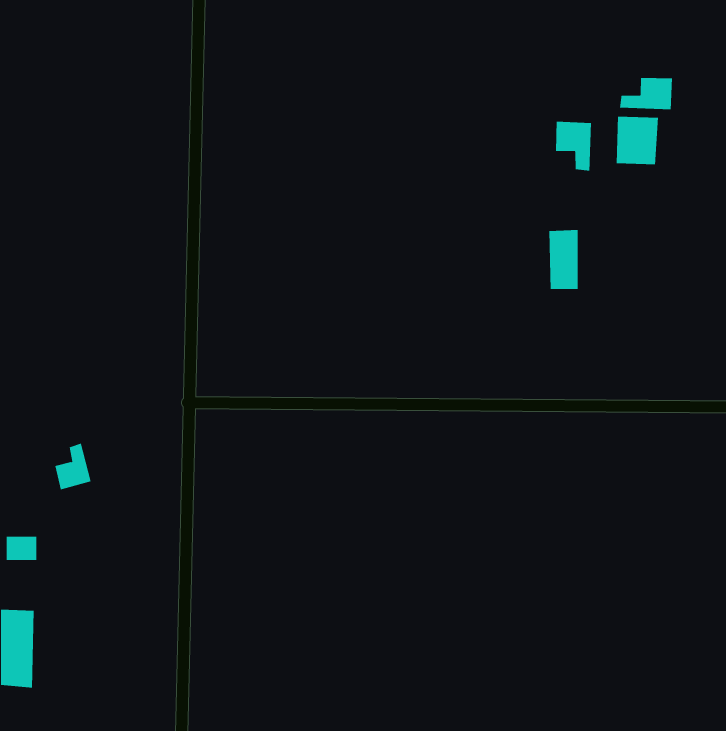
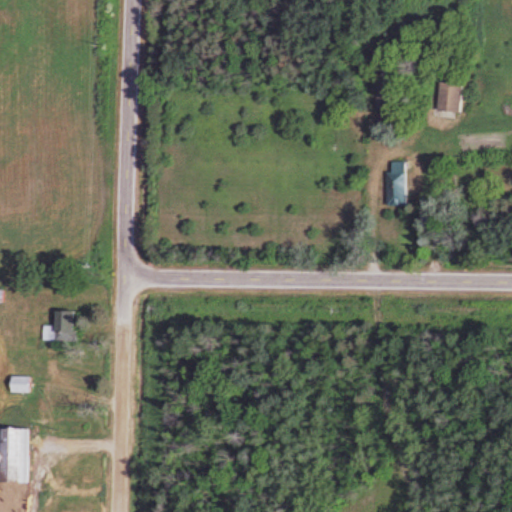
building: [620,77,673,110] -> none
building: [556,121,591,171] -> none

